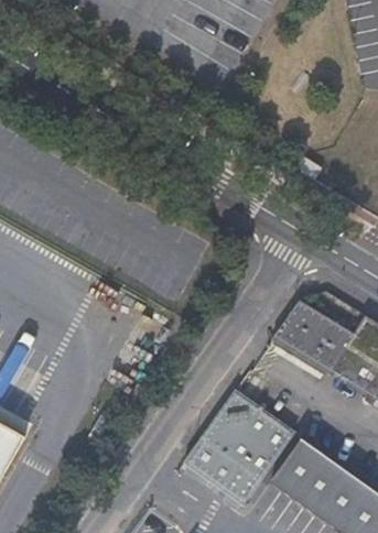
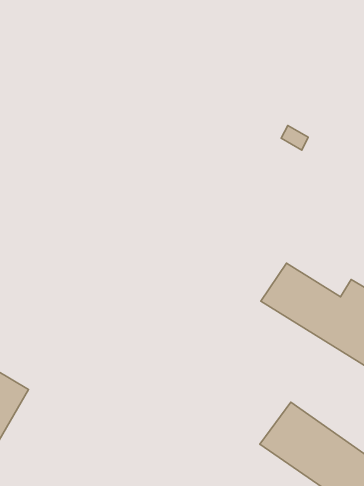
building: [182,391,295,508] -> none

